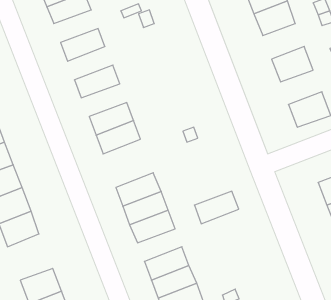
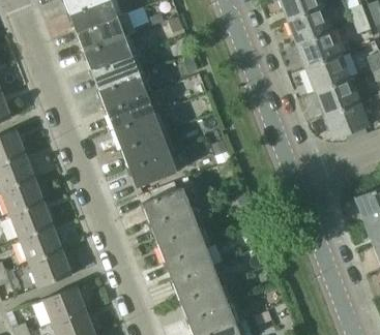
building: none -> [77,11,136,51]
building: none -> [296,31,340,68]
building: none -> [91,55,139,90]
building: none -> [315,80,358,116]
building: none -> [106,94,153,128]
building: none -> [128,152,176,187]
building: [194,191,239,224] -> [165,246,211,280]
building: none -> [28,251,70,288]

